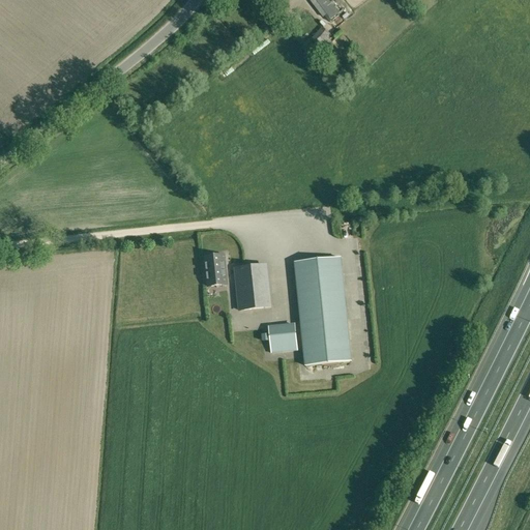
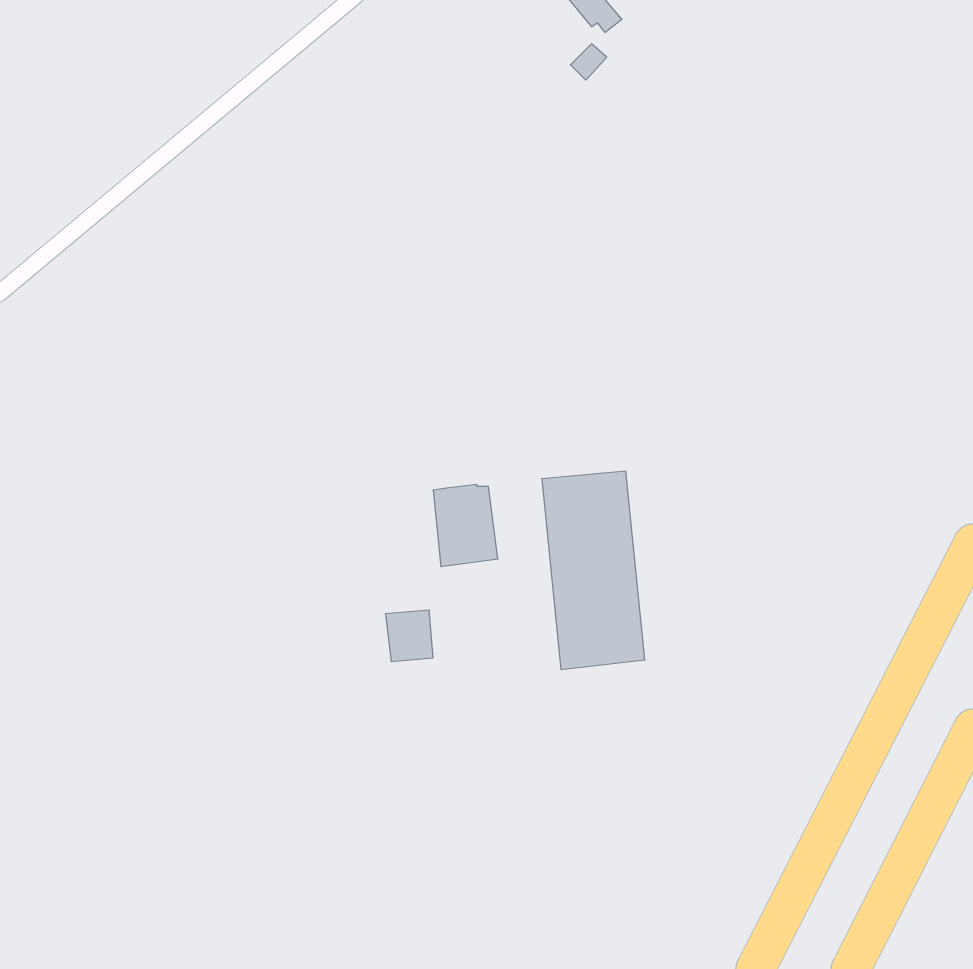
building: [204,253,226,284] -> none
building: [268,322,294,350] -> [385,610,433,662]

